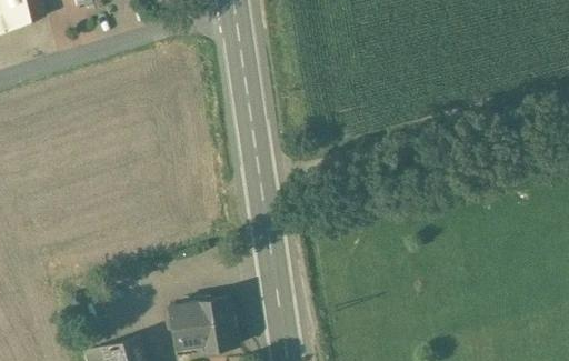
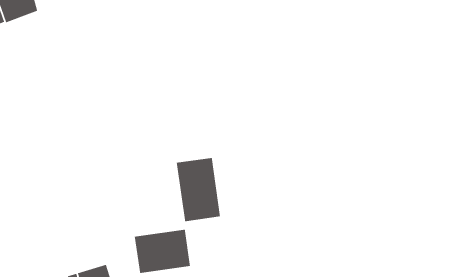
building: none -> [176,157,221,222]

